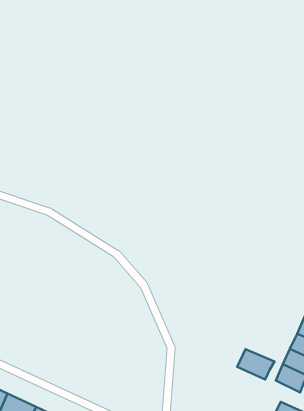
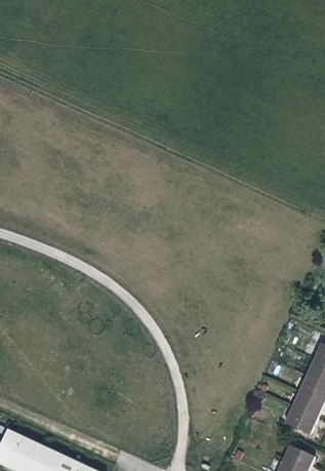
building: [237,349,274,380] -> none

